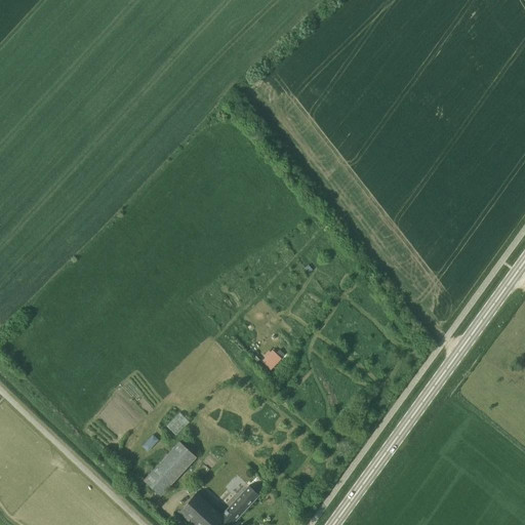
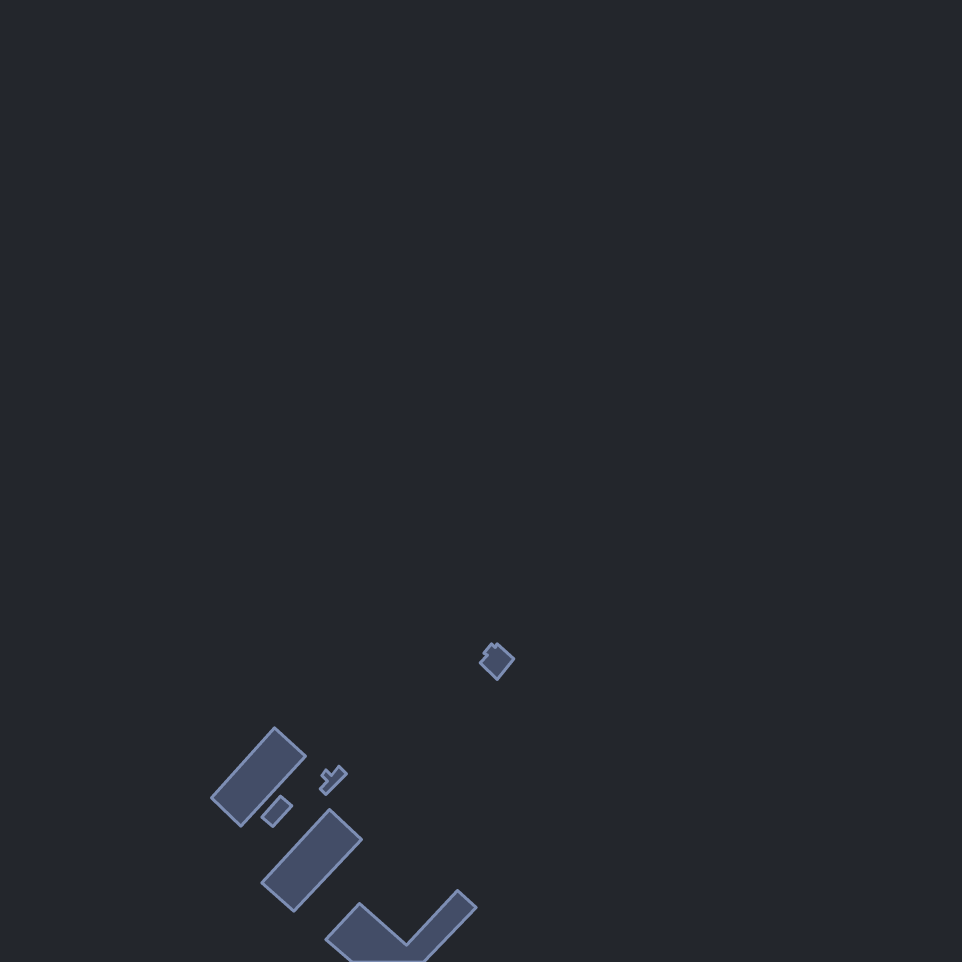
building: none -> [212,728,305,826]

